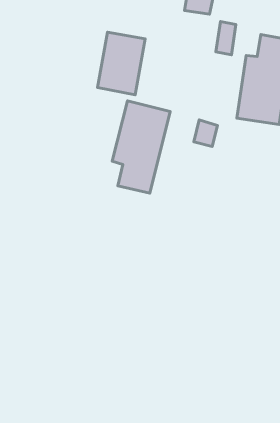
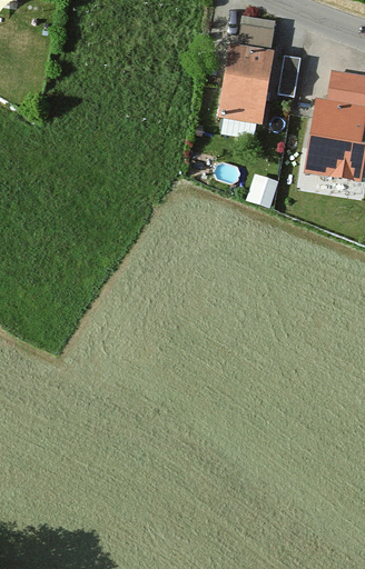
building: [98,32,145,95] -> [217,46,275,121]
building: [112,101,170,193] -> none

